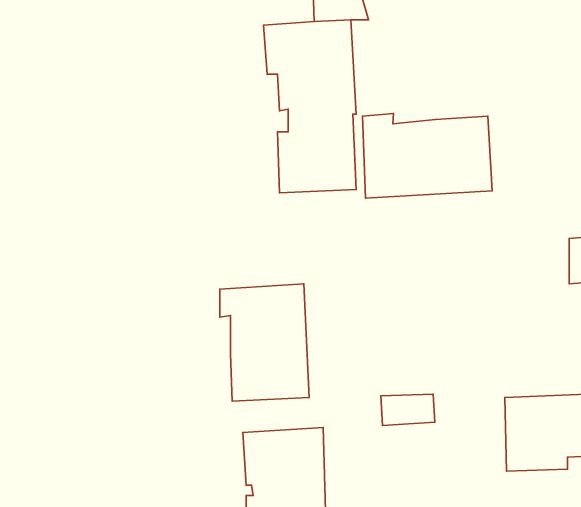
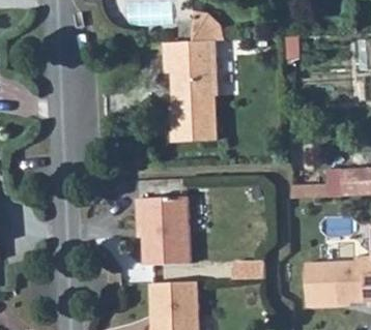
building: [363,113,492,198] -> none

